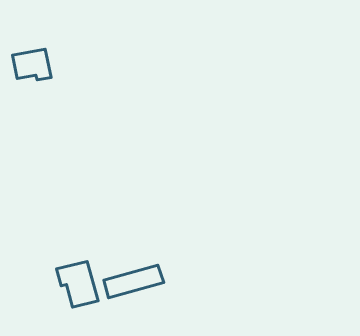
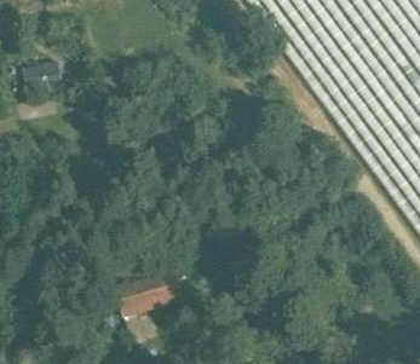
building: [56,261,98,307] -> none

